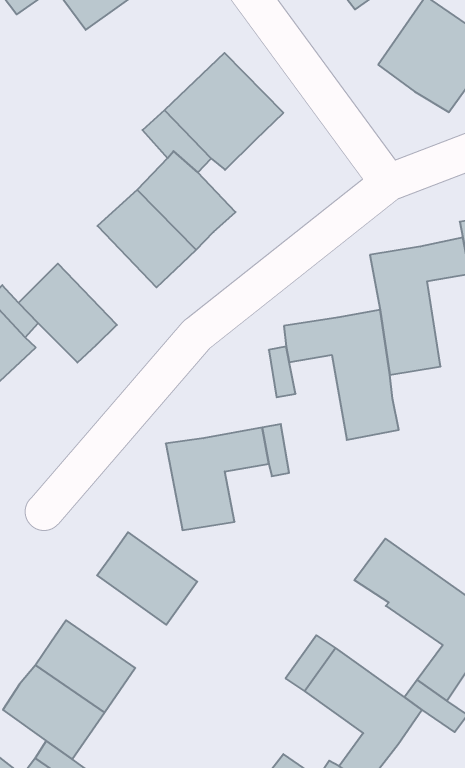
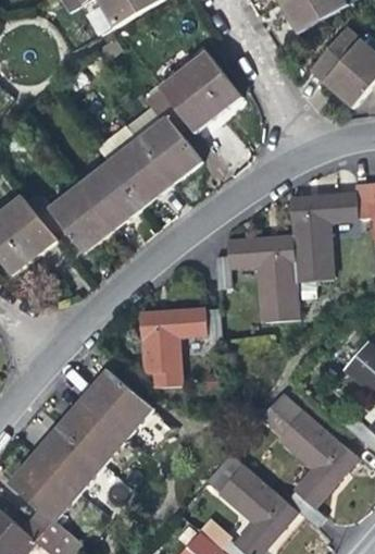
building: none -> [79,160,145,229]
building: none -> [61,397,128,463]

